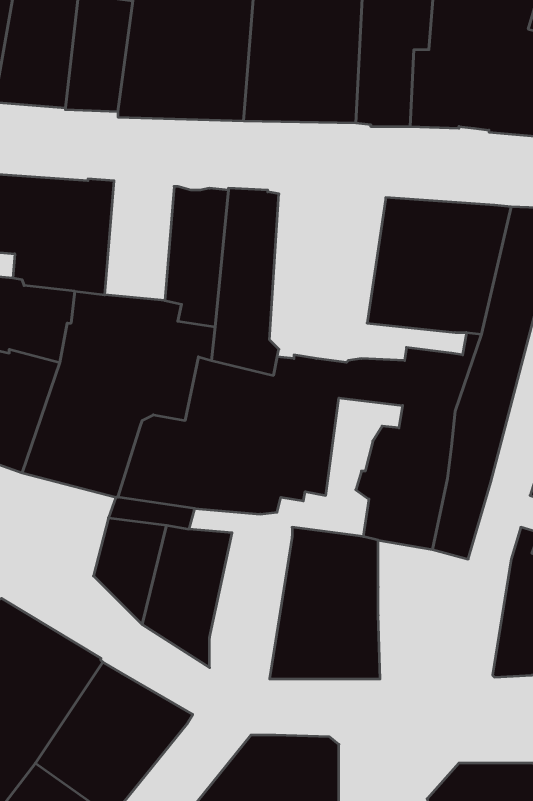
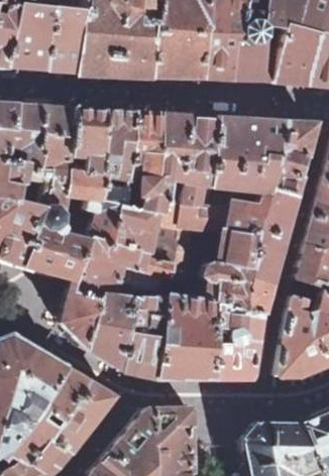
building: none -> [68,109,105,173]
building: none -> [156,116,219,207]
building: none -> [124,299,169,377]
building: none -> [215,303,263,377]

